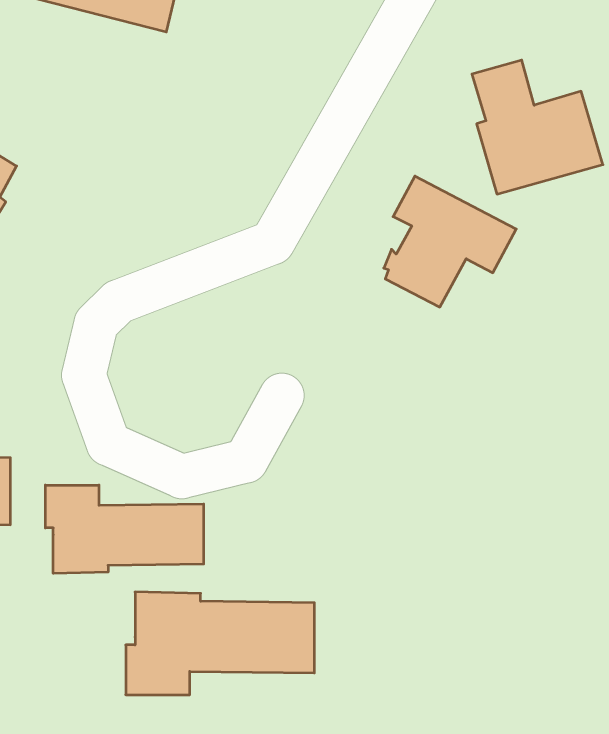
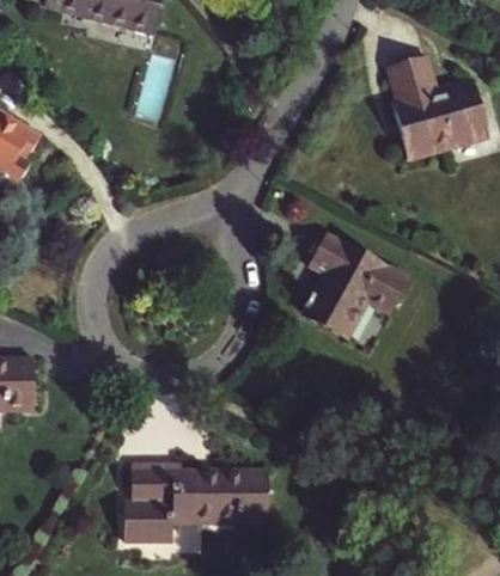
building: [384,176,516,307] -> [304,237,406,337]
building: [45,485,204,573] -> none

